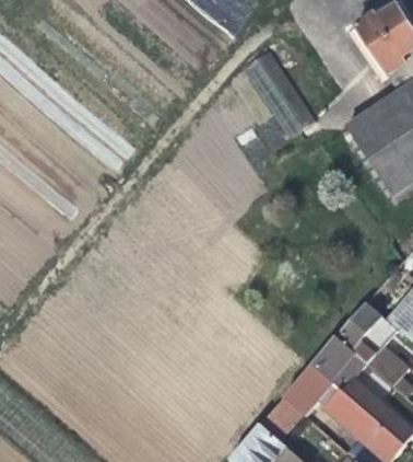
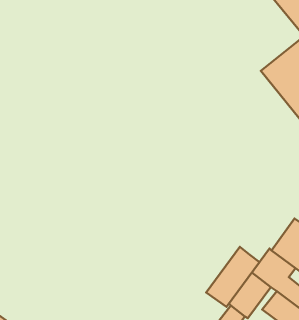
building: [239,53,312,140] -> none
building: none -> [206,247,260,307]

